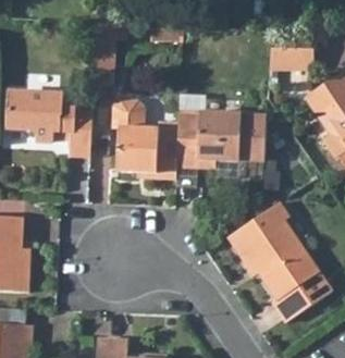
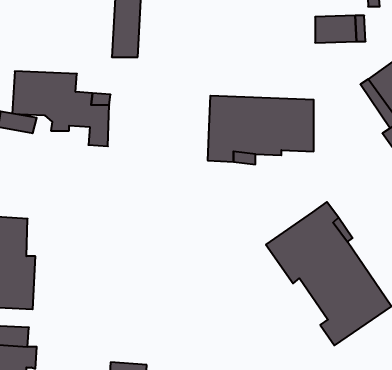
building: [112,100,178,183] -> none

